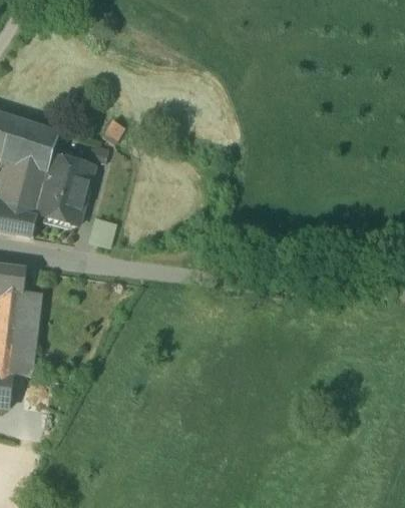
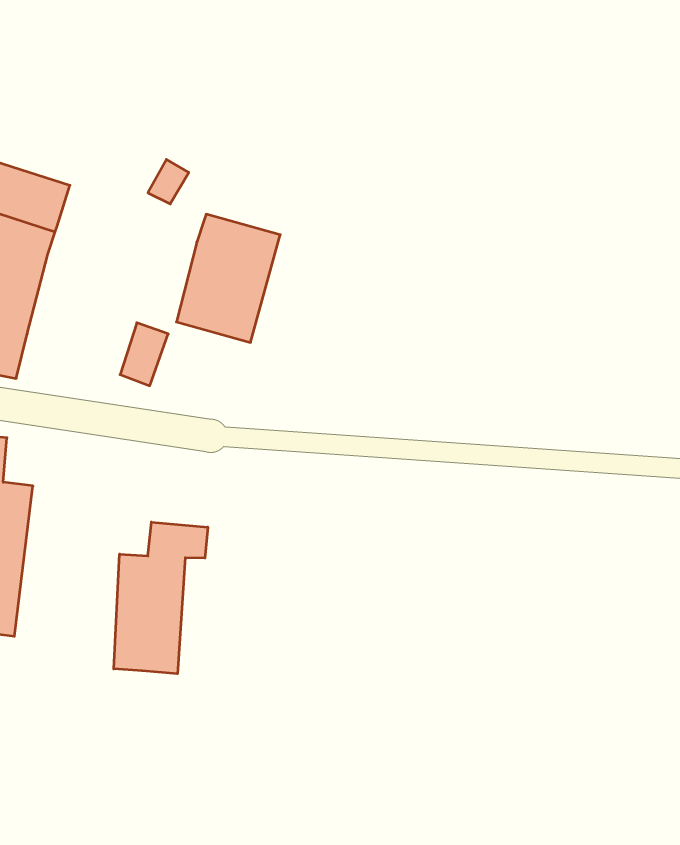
building: [36,153,92,222] -> [176,214,280,342]
building: none -> [114,522,208,674]

